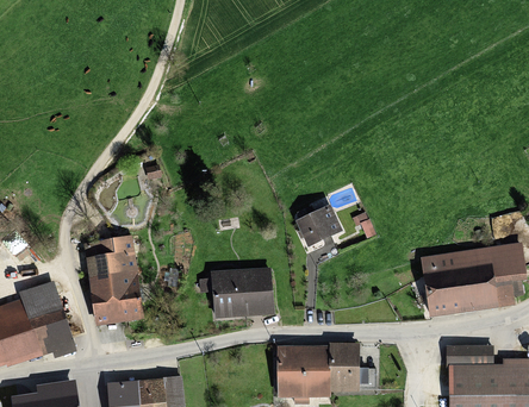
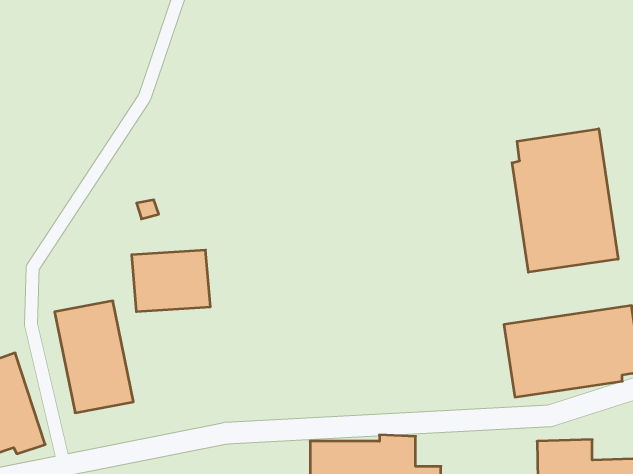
building: none -> [512,129,618,272]
building: [298,205,338,244] -> none
building: [211,269,270,315] -> [132,250,210,312]

